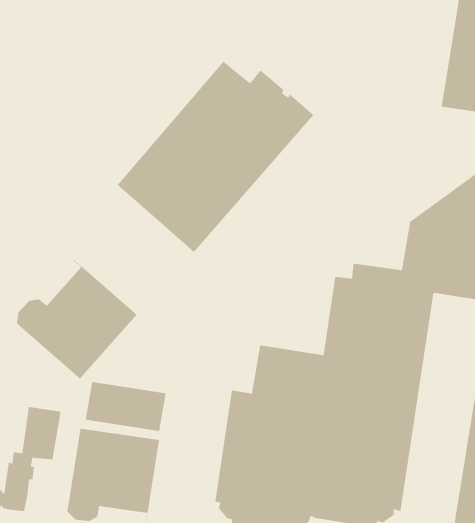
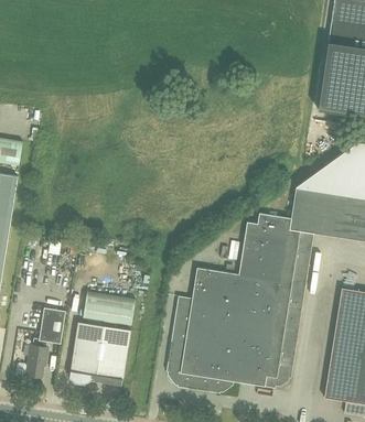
building: [117,61,314,253] -> none
building: [16,258,138,379] -> none

